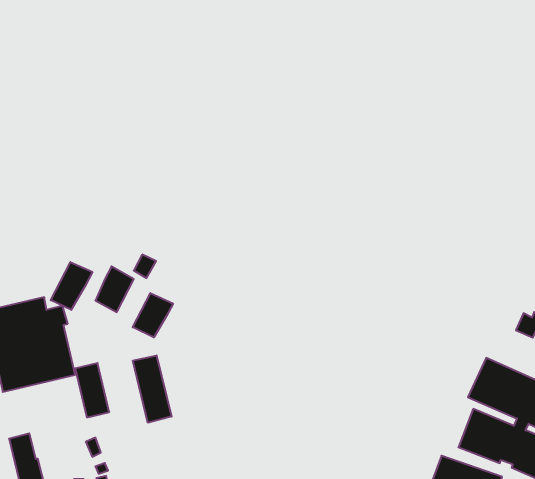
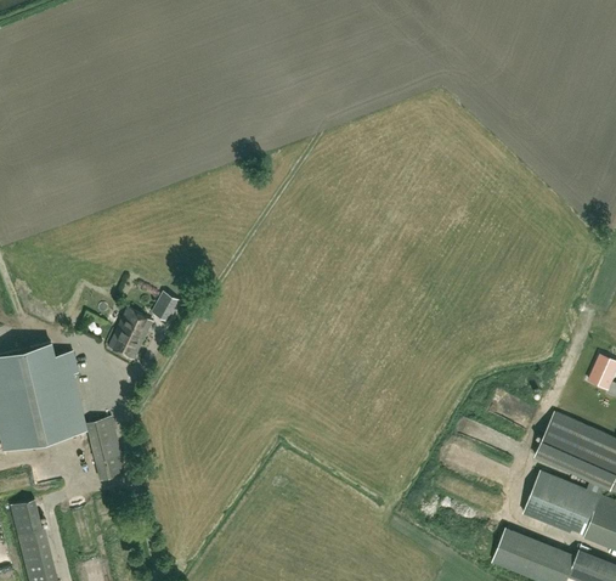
building: [51,262,92,310] -> none
building: [133,293,173,337] -> none
building: [133,355,172,423] -> none

